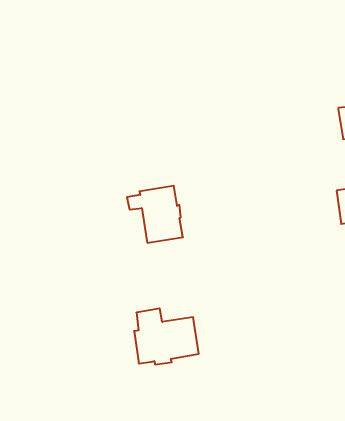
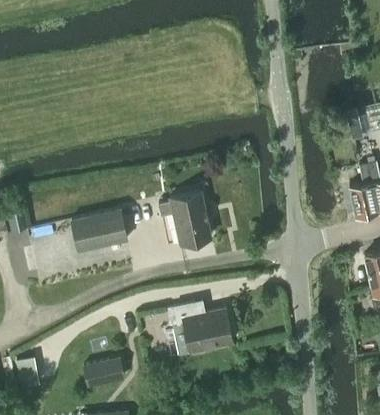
building: none -> [72,209,127,252]
building: none -> [84,358,123,385]

